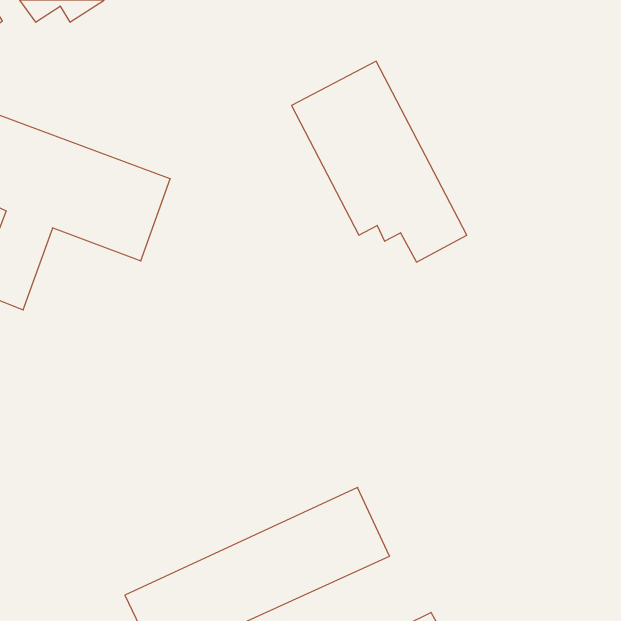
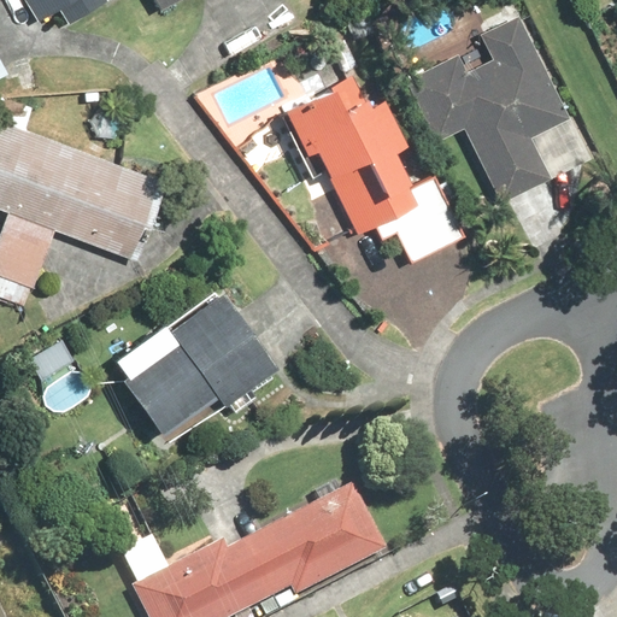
building: none -> [405,13,584,200]
building: none -> [114,278,283,443]

